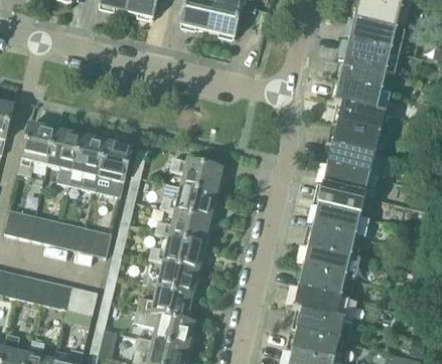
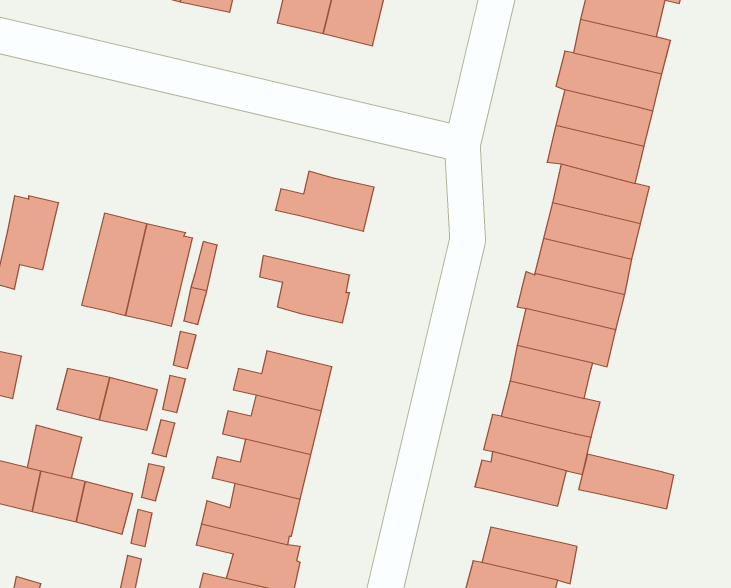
building: [45,127,81,185] -> none
building: [160,186,216,220] -> [275,171,374,231]
building: [28,214,59,244] -> [27,425,82,478]
building: [292,290,346,321] -> [579,454,674,509]

